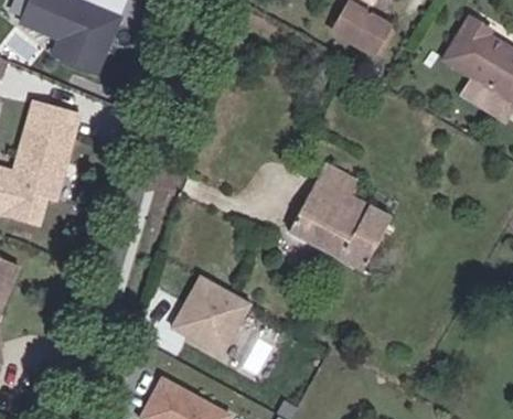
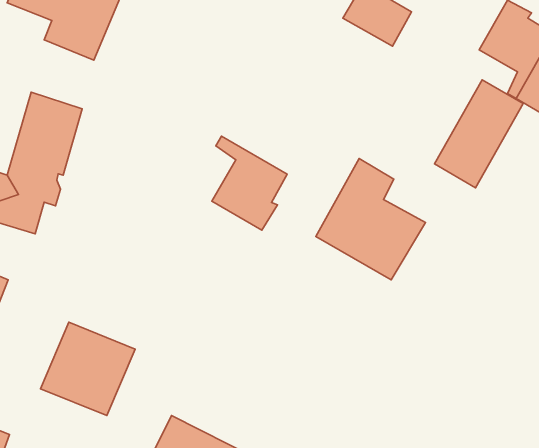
building: none -> [434,80,523,188]
building: none -> [212,136,287,230]
building: [175,278,257,358] -> [41,322,135,416]

